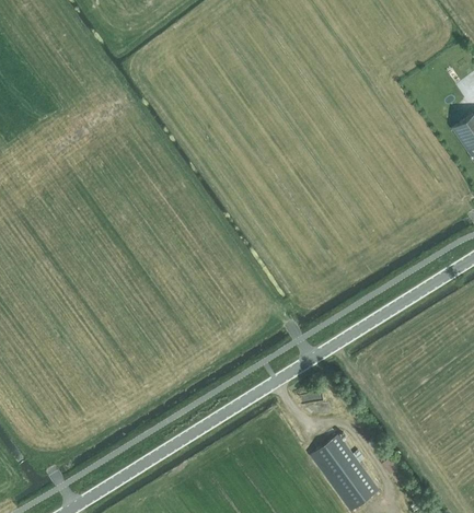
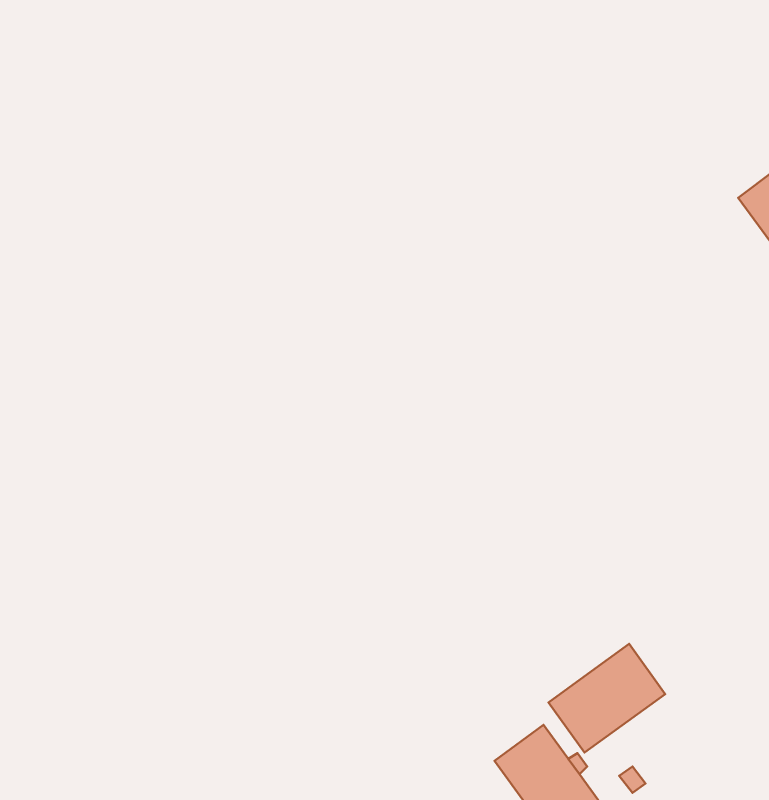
building: none -> [548,644,665,753]

